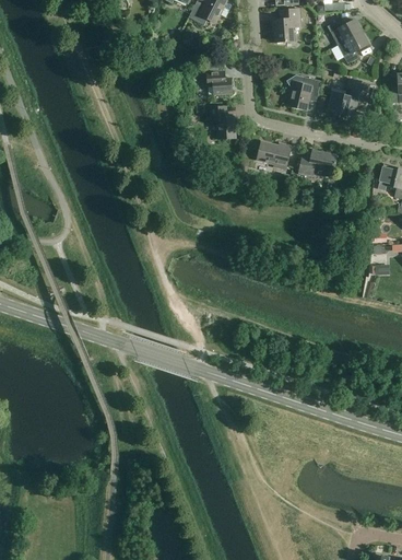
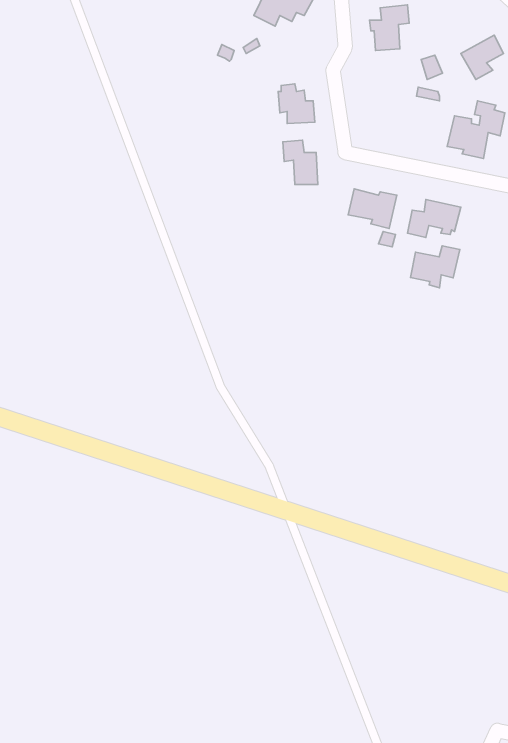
building: [328,19,362,44] -> none
building: [287,74,321,108] -> none
building: none -> [411,246,460,288]

